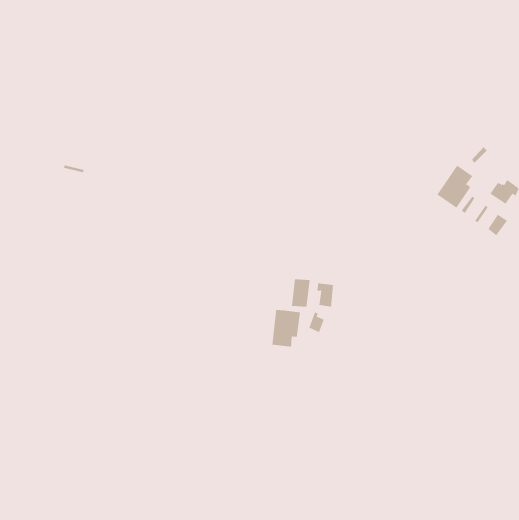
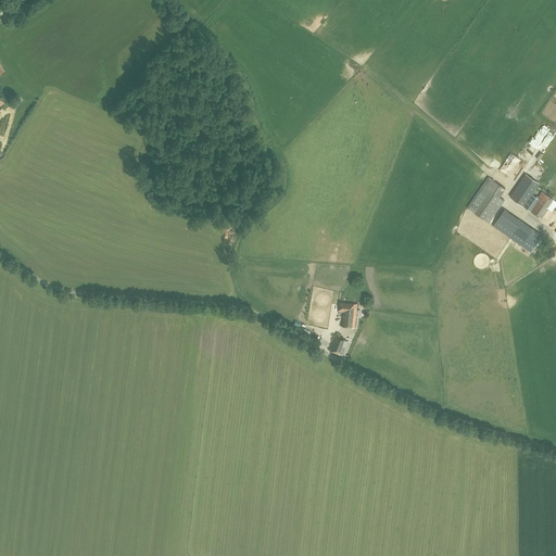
building: none -> [509,174,538,205]
building: [272,309,301,347] -> none

